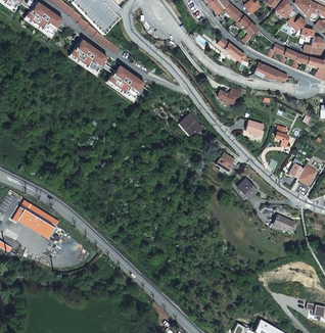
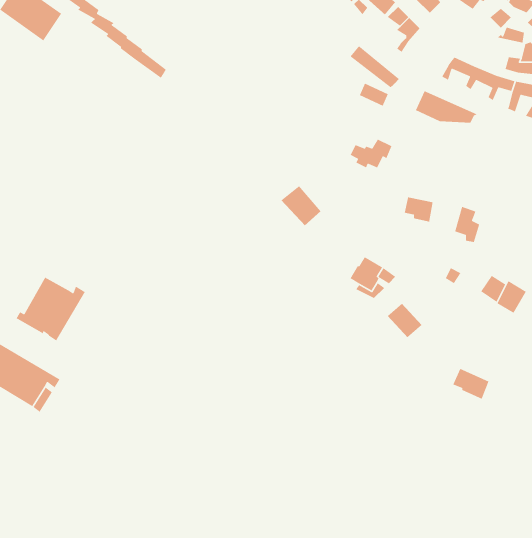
building: [69,42,105,75] -> none
building: [107,68,142,101] -> none
building: none -> [16,277,86,342]

